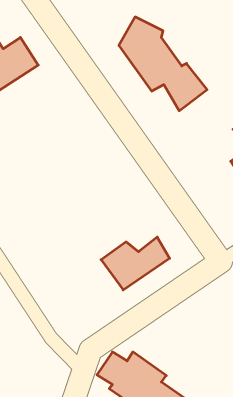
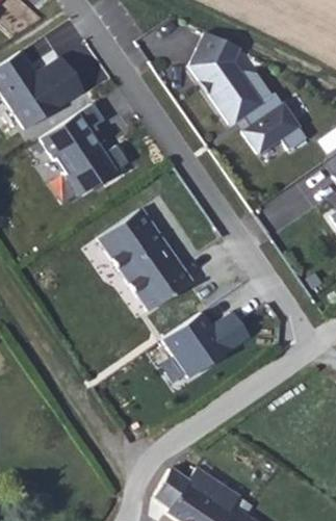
building: none -> [41,112,115,196]
building: none -> [101,208,192,310]

